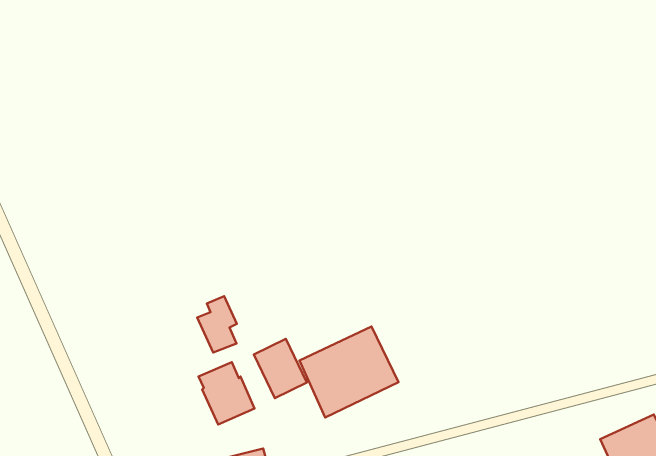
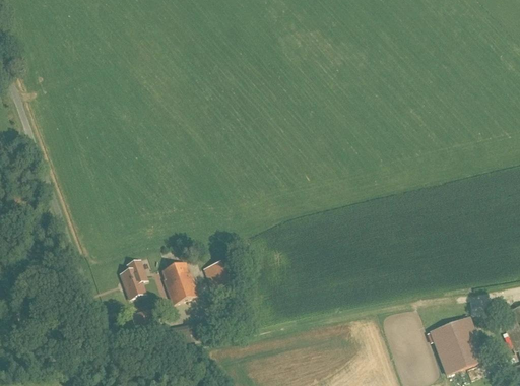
building: [197,296,237,352] -> [119,260,145,298]
building: [300,327,398,417] -> none

